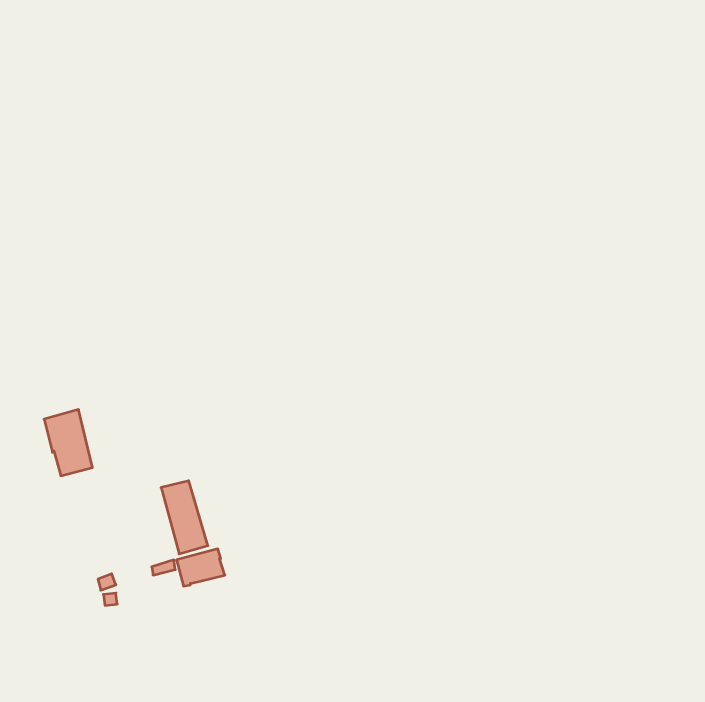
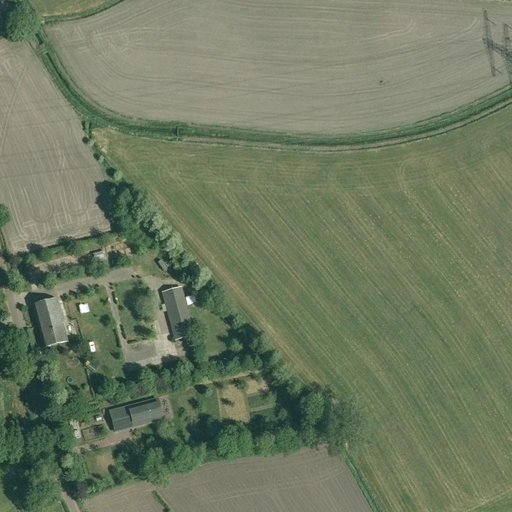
building: [161,481,208,554] -> [161,286,195,339]

